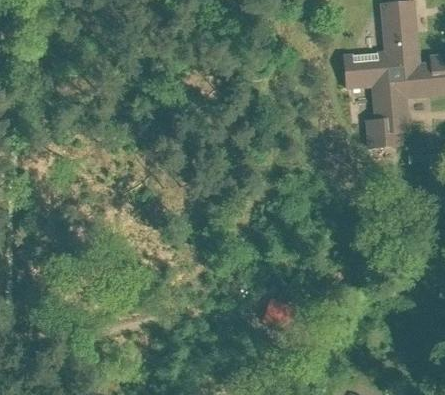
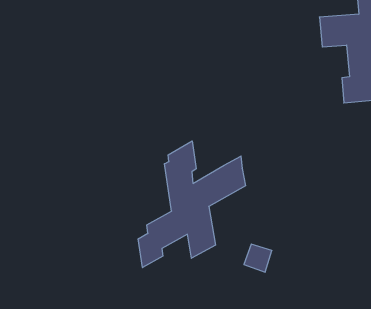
building: none -> [138,141,245,268]

